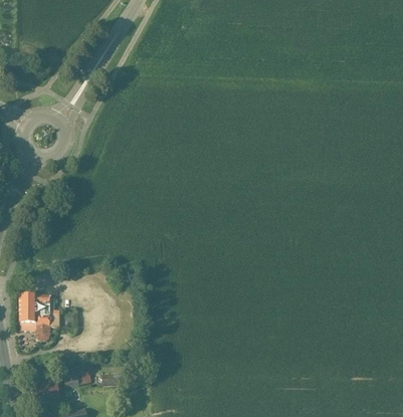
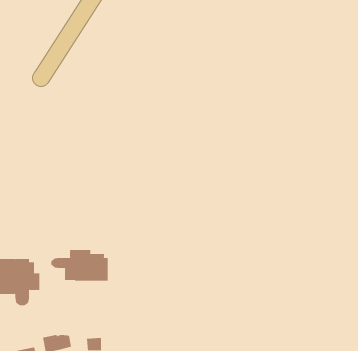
building: none -> [51,249,108,282]

